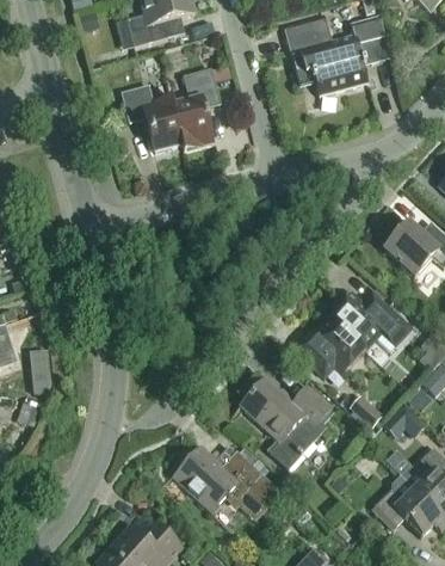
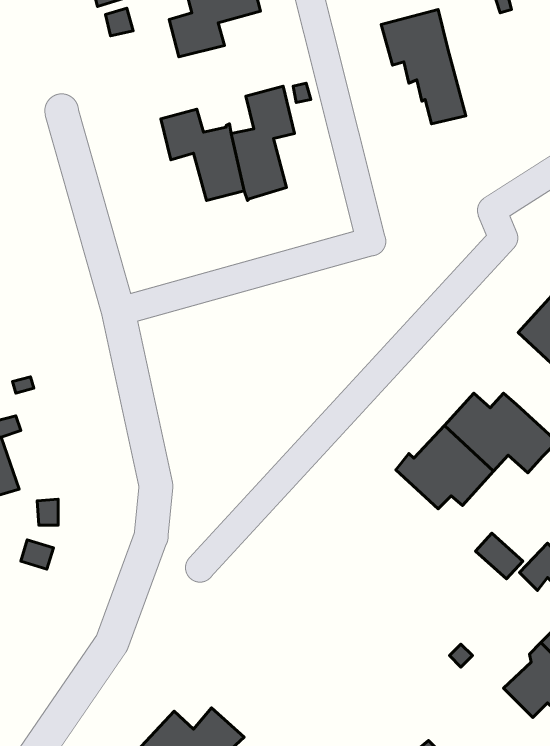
building: [332,14,391,90] -> none
building: [240,380,334,470] -> none
building: [174,447,282,512] -> none

